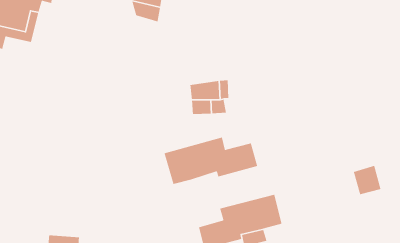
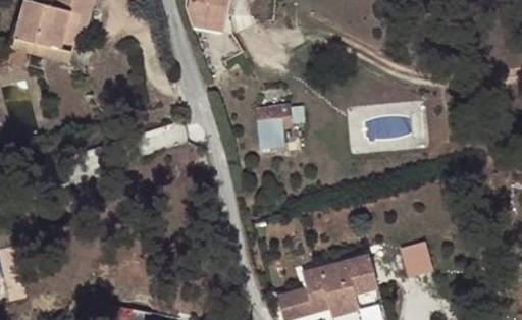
building: [164,137,258,185] -> none
building: [353,165,381,195] -> [403,239,437,276]

